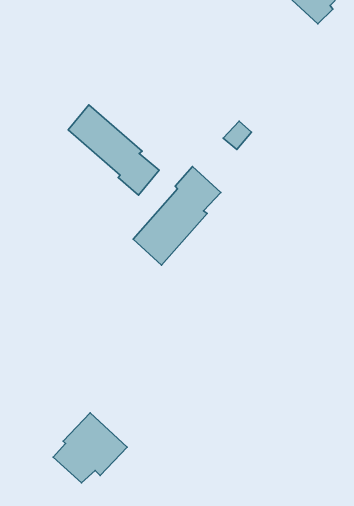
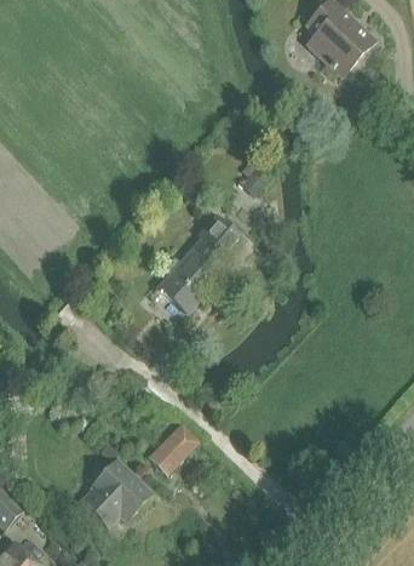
building: [68,105,159,195] -> none
building: none -> [148,422,201,474]

